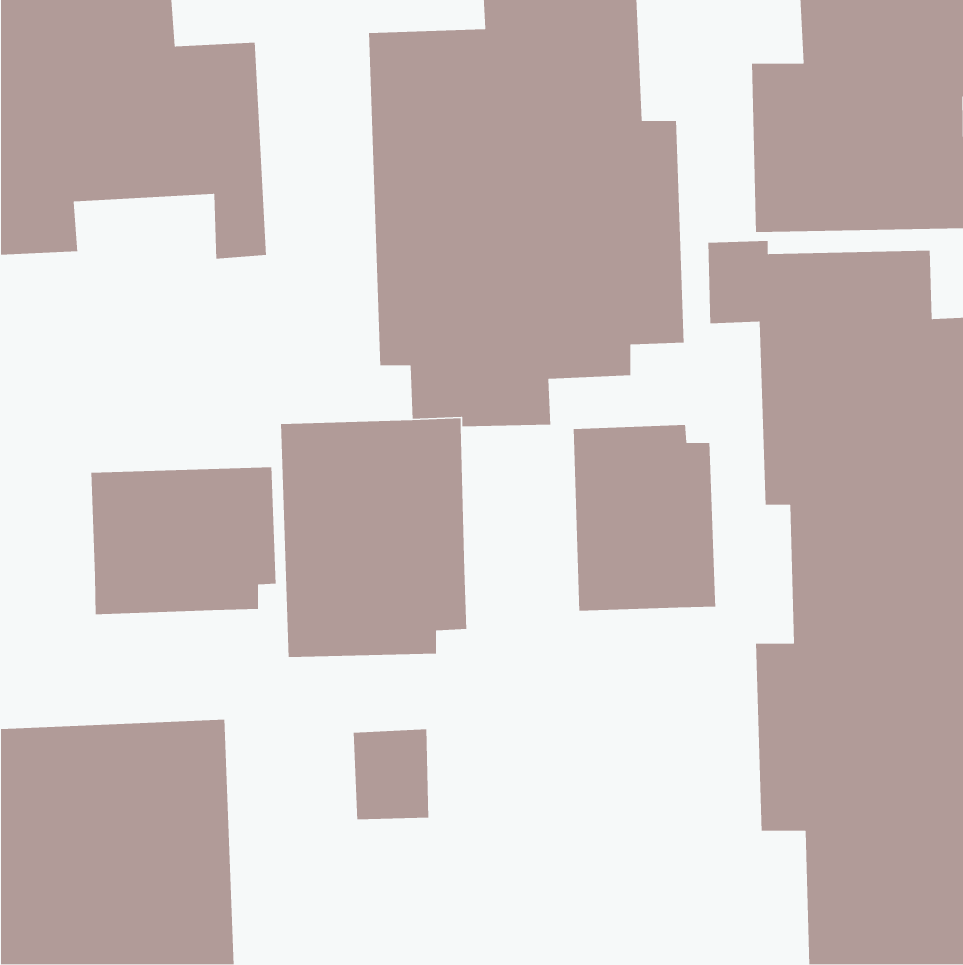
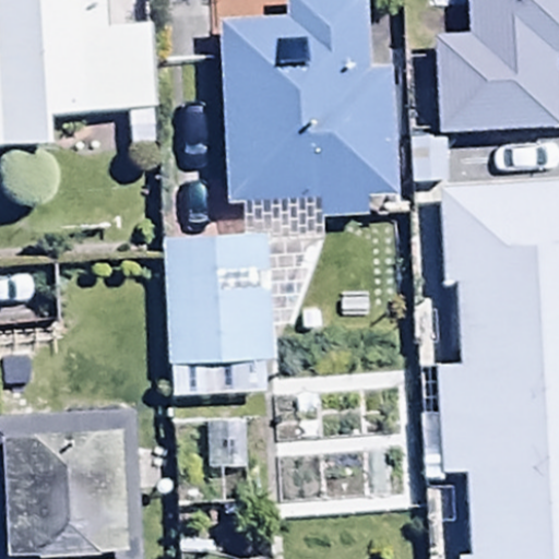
building: [573,424,716,612] -> none
building: [90,467,277,615] -> none

